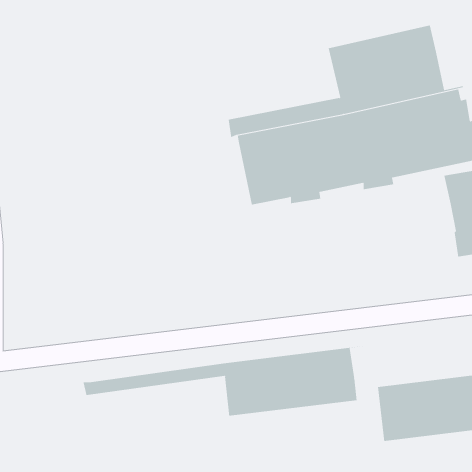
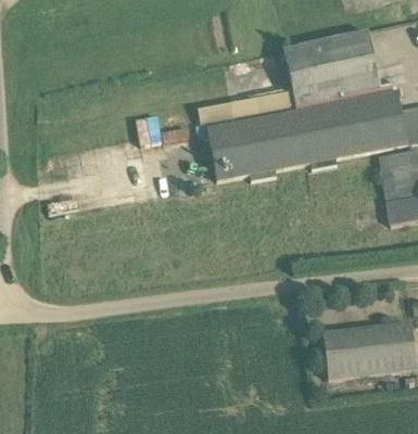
building: [83,344,374,416] -> none

